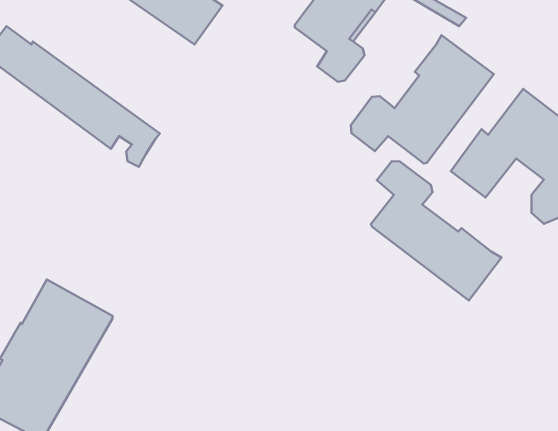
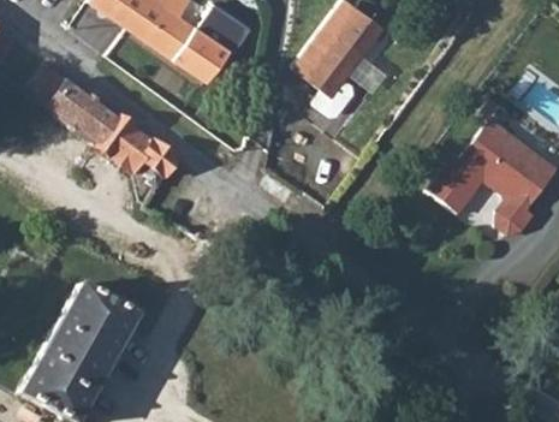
building: [351,35,494,164] -> none
building: [371,161,501,301] -> none

